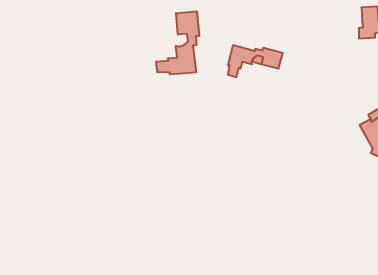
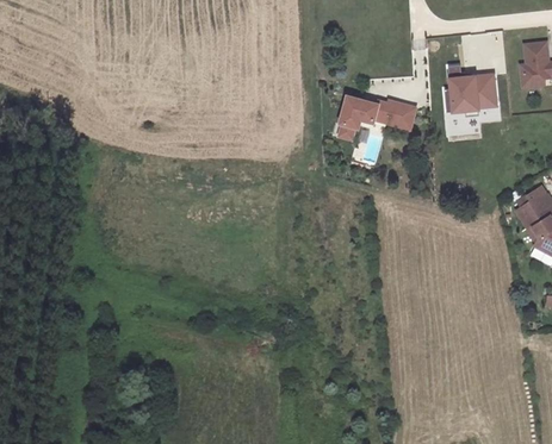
building: [156,11,199,74] -> none
building: none -> [445,64,496,115]

